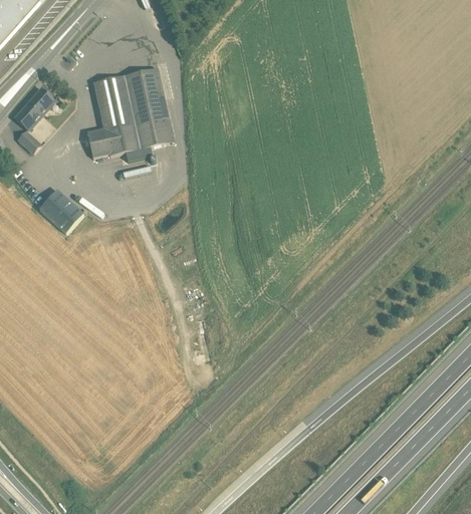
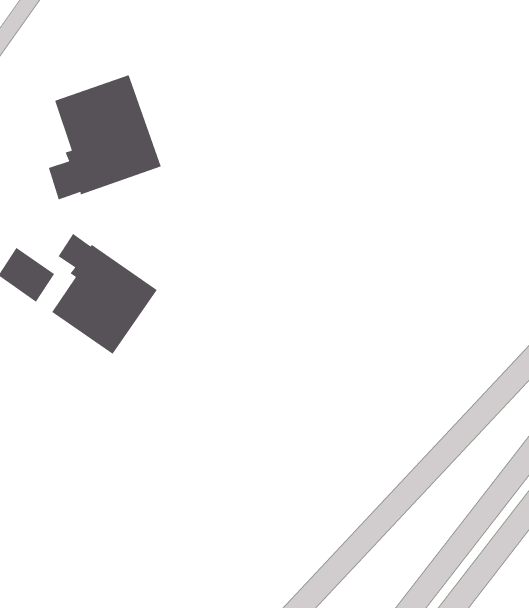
building: none -> [46,233,158,355]

